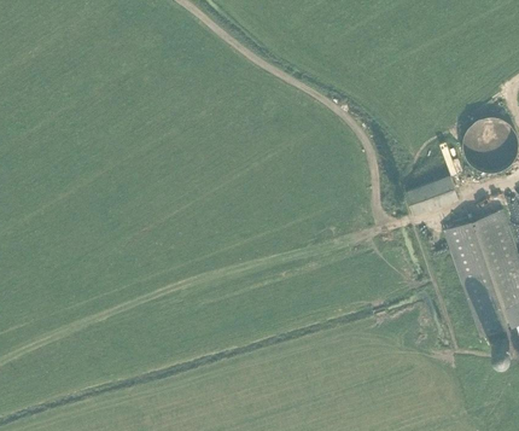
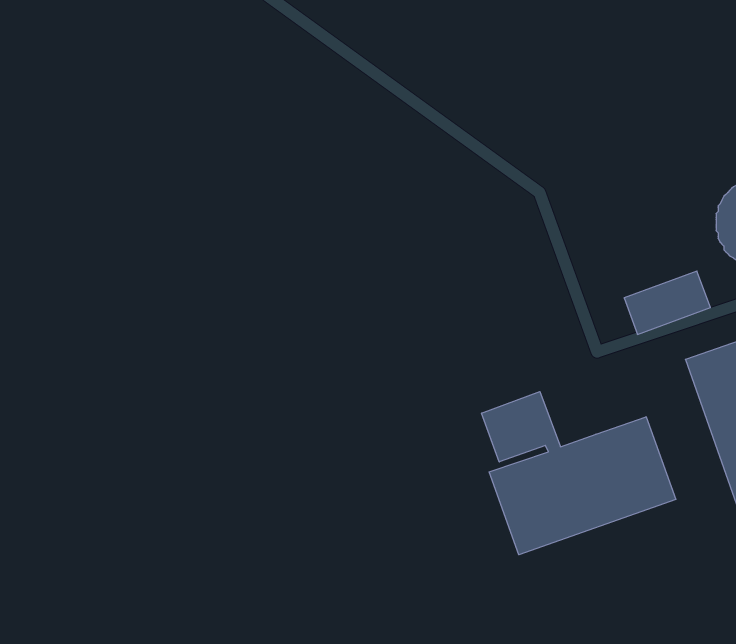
building: none -> [482,392,676,555]

